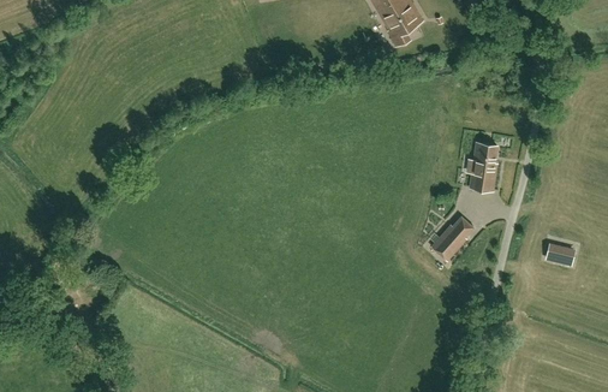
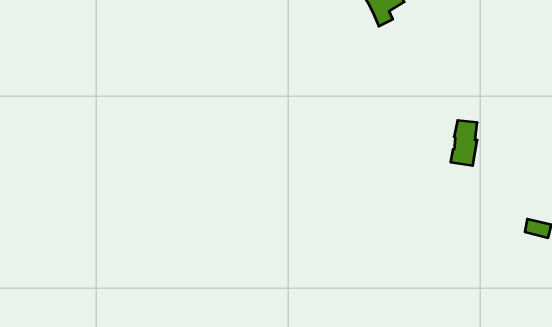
building: [431,216,473,260] -> none

